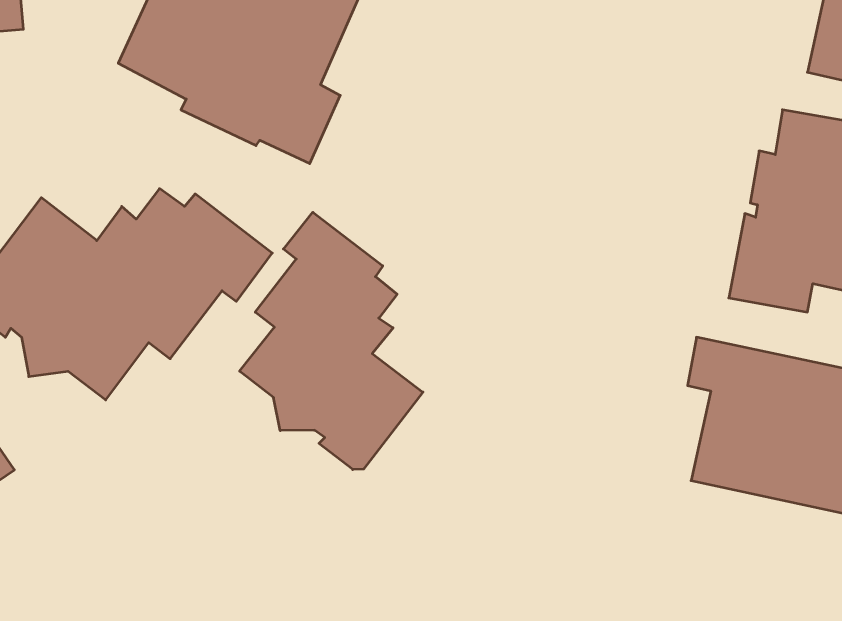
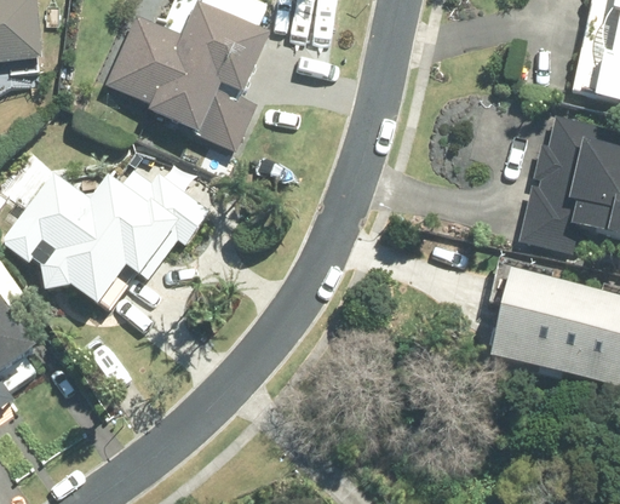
building: [240,212,423,470] -> none

